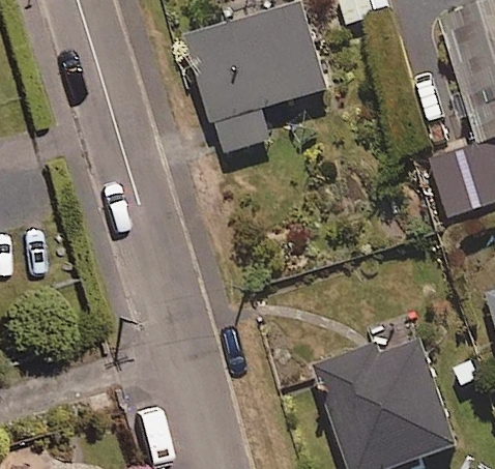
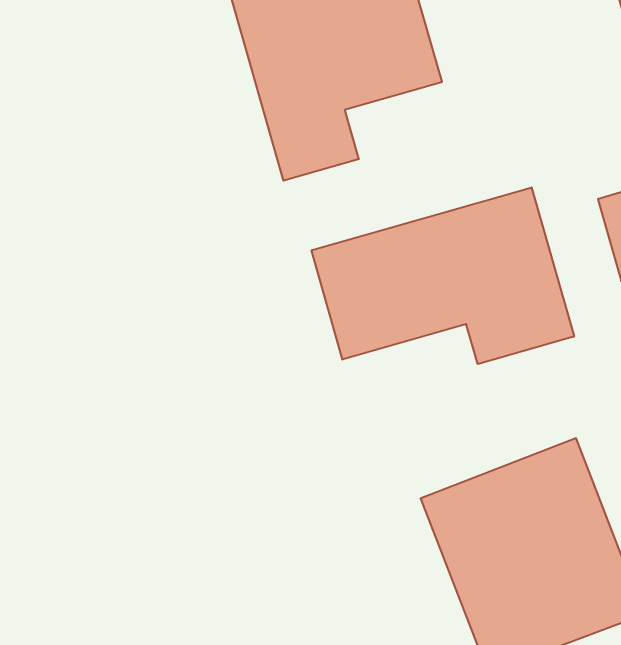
building: none -> [312,187,574,364]

